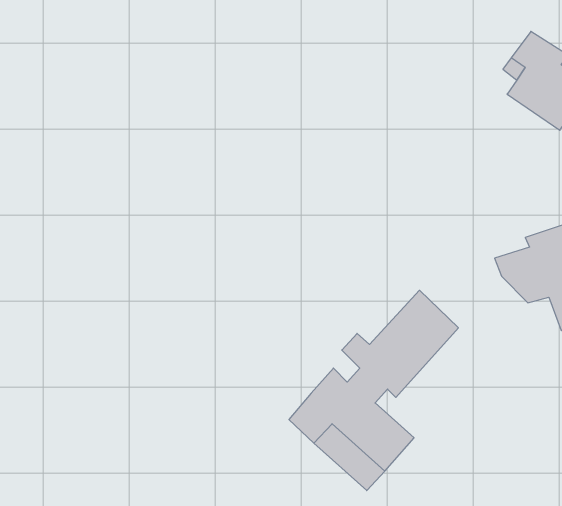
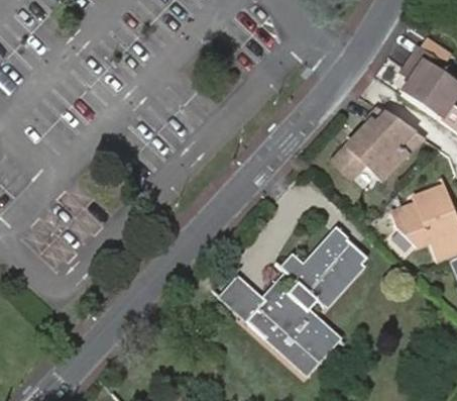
building: none -> [336,109,428,179]
building: none -> [216,282,259,325]

